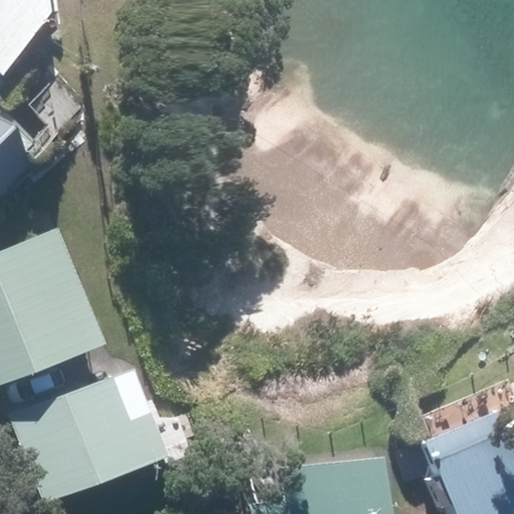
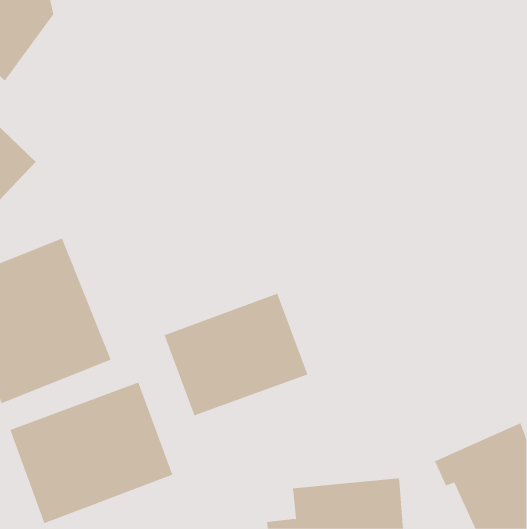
building: none -> [164,293,308,416]

